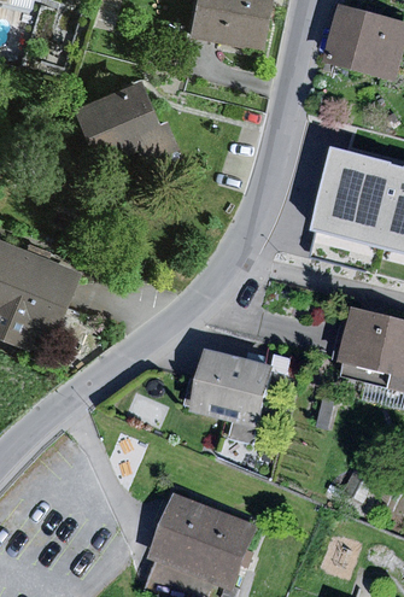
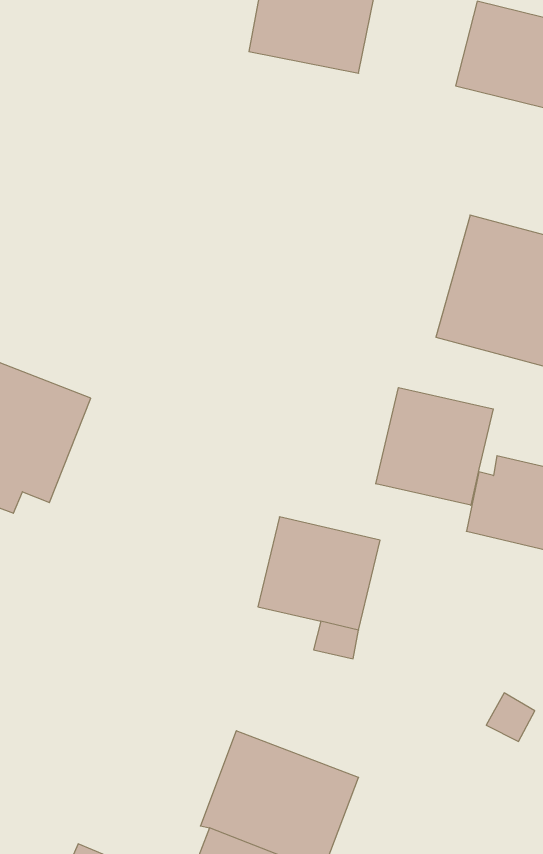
building: [65,76,175,164] -> none
building: none -> [376,388,493,505]

